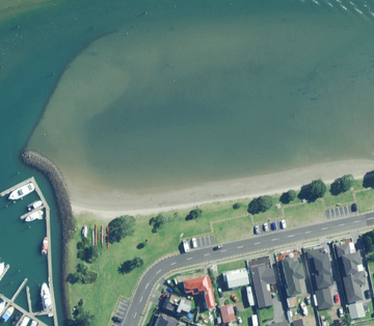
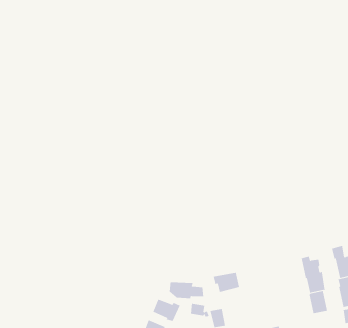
building: [283,256,305,296] -> none
building: [251,264,276,306] -> none

